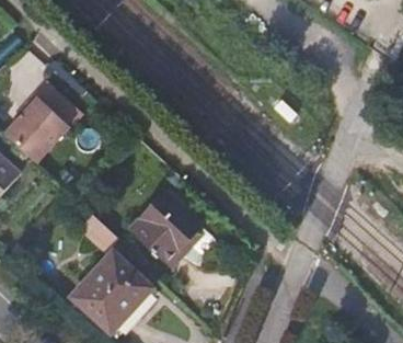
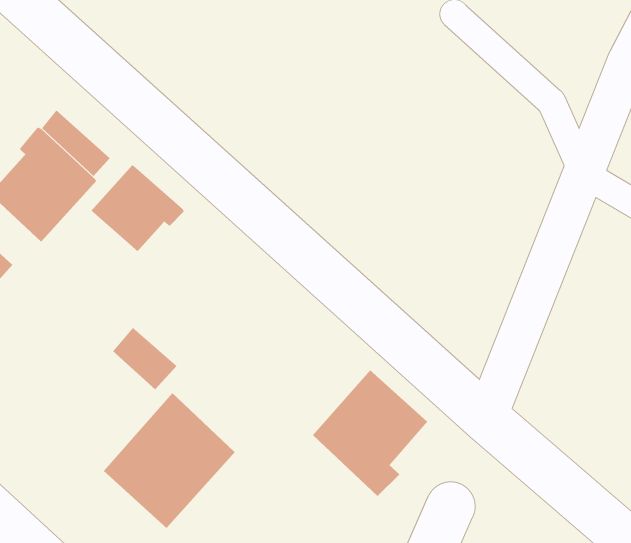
building: none -> [91,164,185,252]
building: [130,188,198,263] -> [312,370,428,497]

